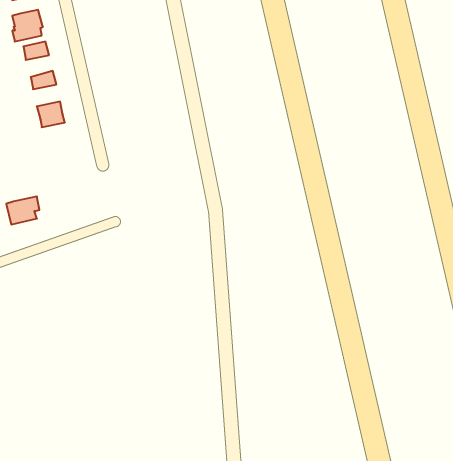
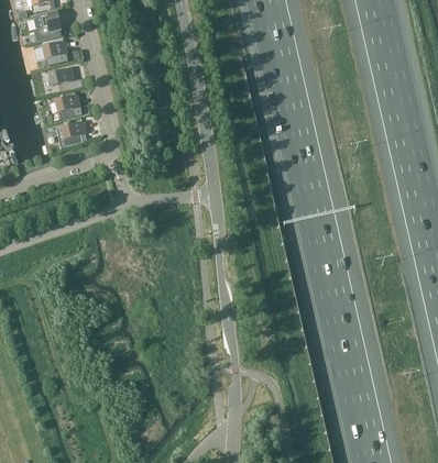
building: [6,196,39,225] -> [56,121,86,146]

